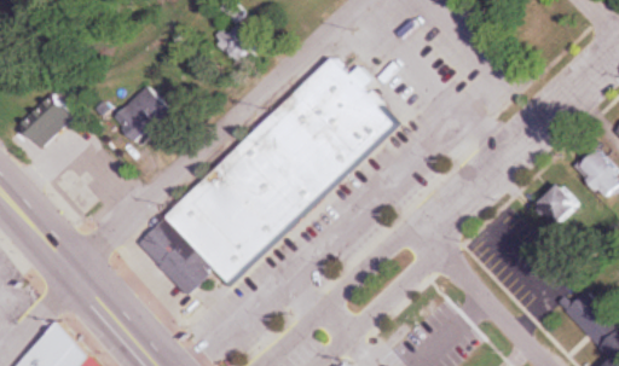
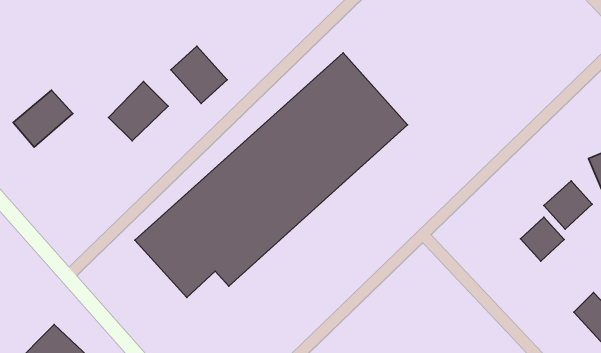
building: none -> [171,46,227,104]
building: none -> [520,217,564,261]

